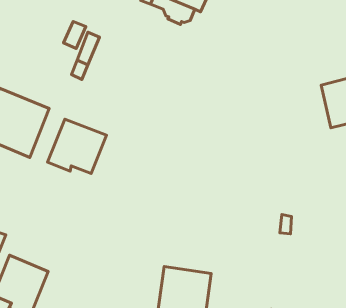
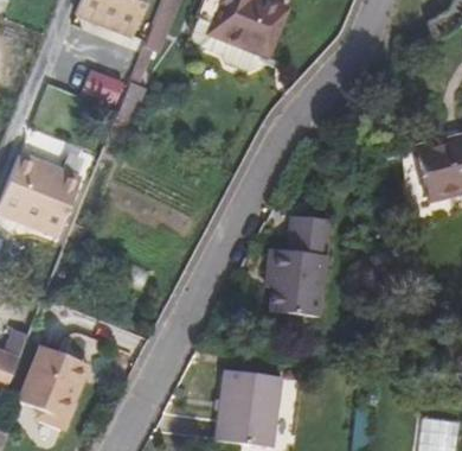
building: [47,119,107,174] -> none
building: none -> [267,215,332,316]

